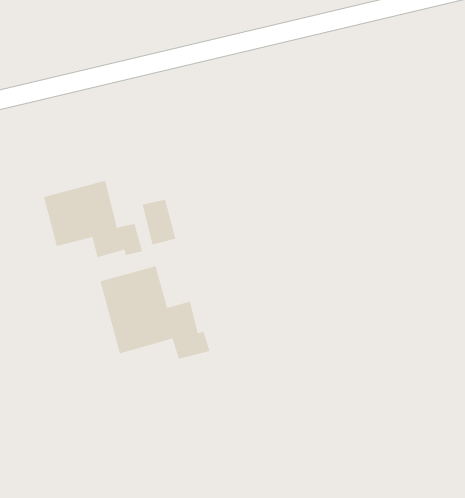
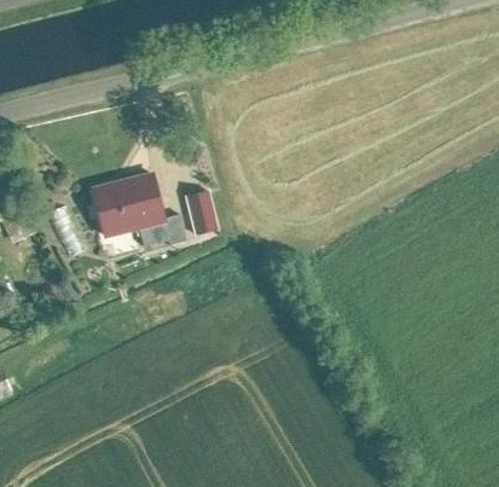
building: [100,266,210,360] -> none

